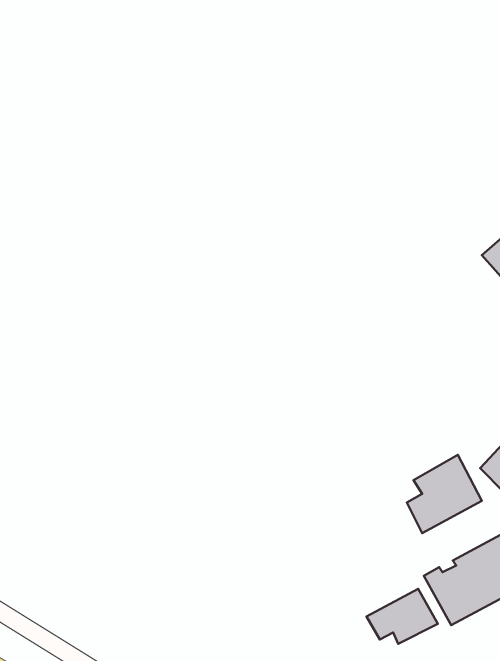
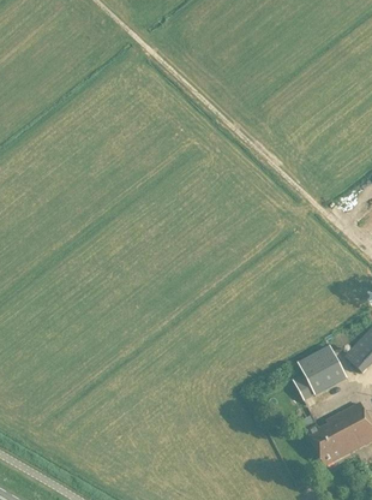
building: [366,589,438,644] -> none

